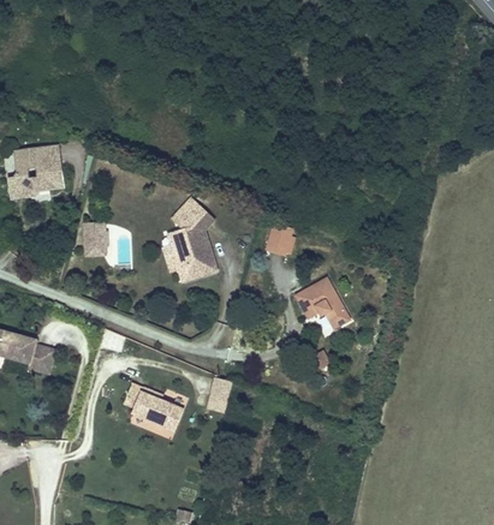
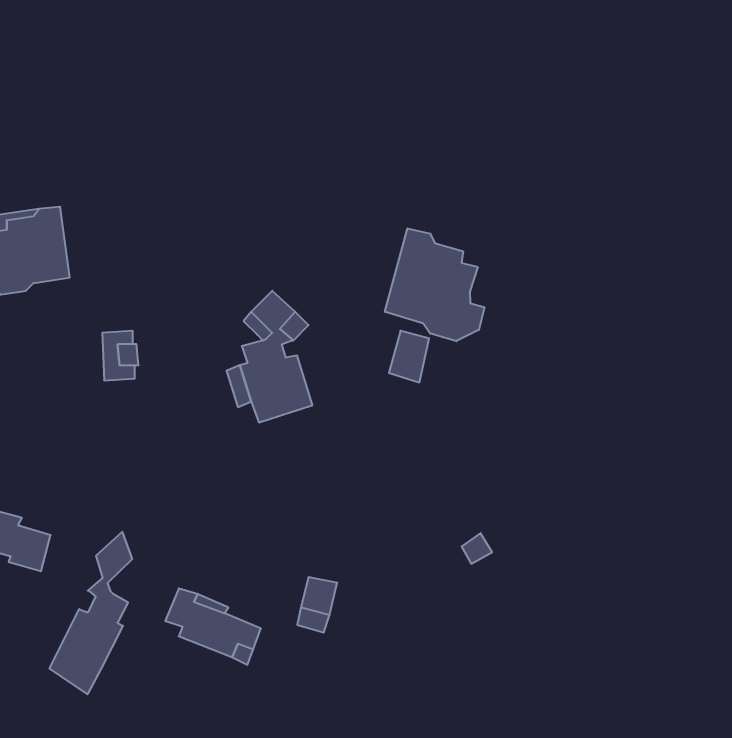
building: none -> [385,228,484,341]
building: [298,275,353,327] -> none
building: none -> [50,532,132,694]

